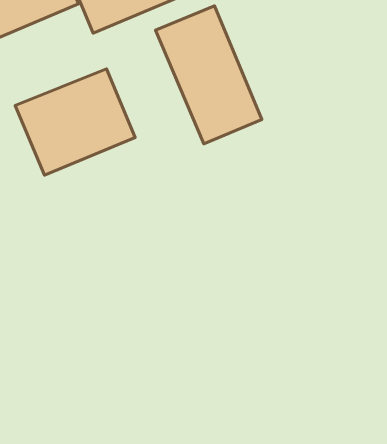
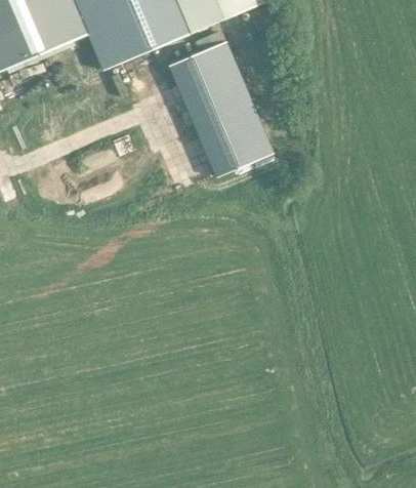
building: [15,69,135,175] -> none

